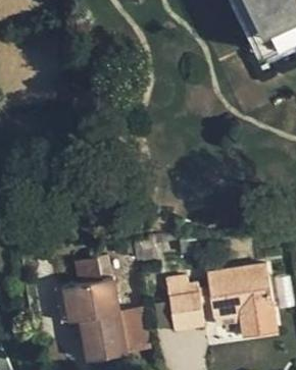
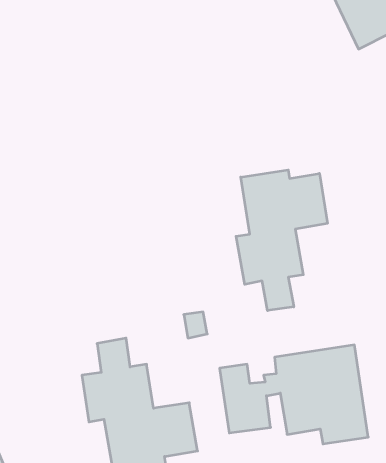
building: none -> [236,170,327,311]

